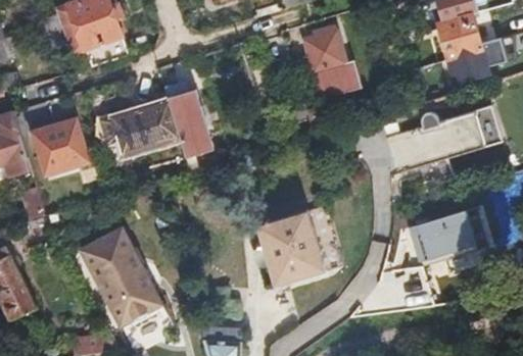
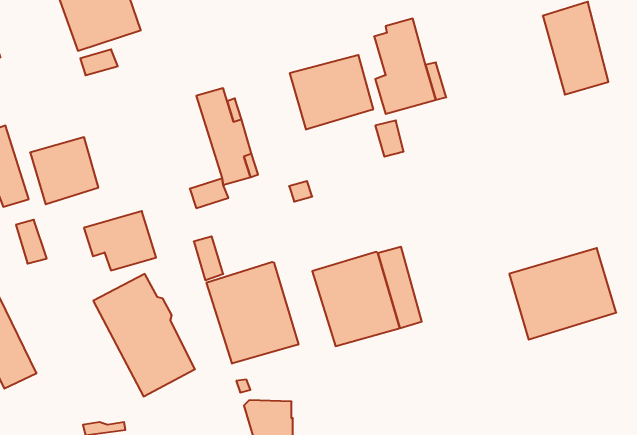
building: none -> [290,55,373,130]
building: [385,106,502,173] -> none
building: [101,107,158,154] -> [84,211,156,270]
building: none -> [207,262,298,364]

